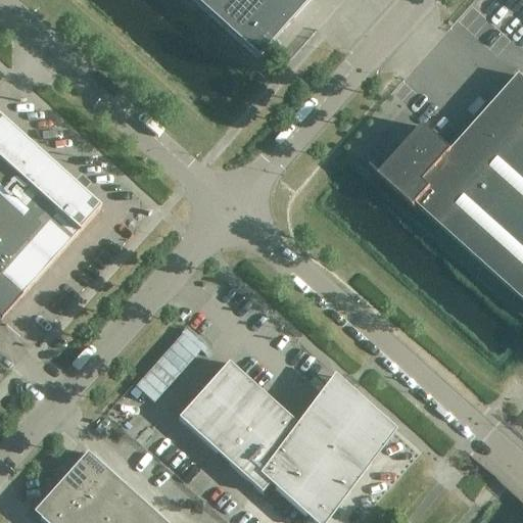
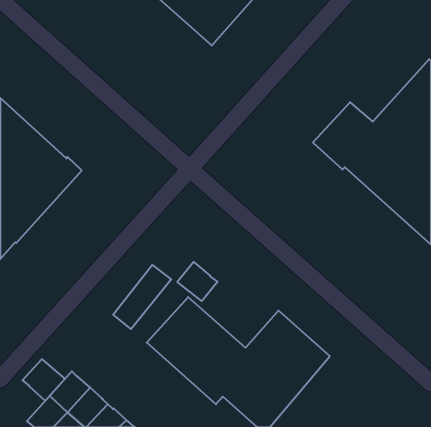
building: none -> [177,262,218,301]
building: none -> [23,359,65,401]

